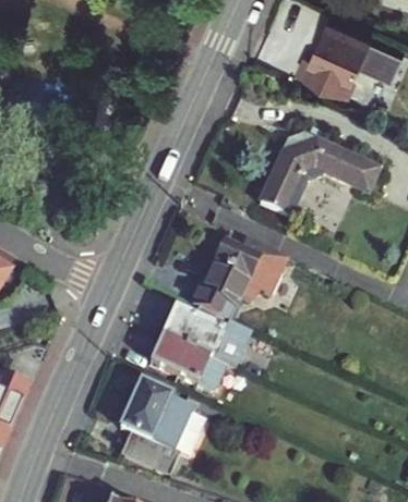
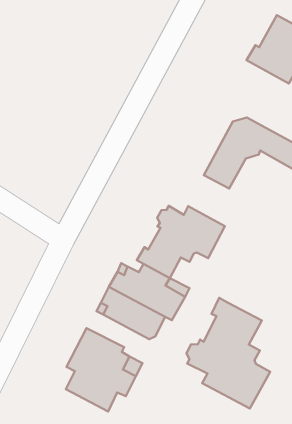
building: none -> [186,298,270,408]

